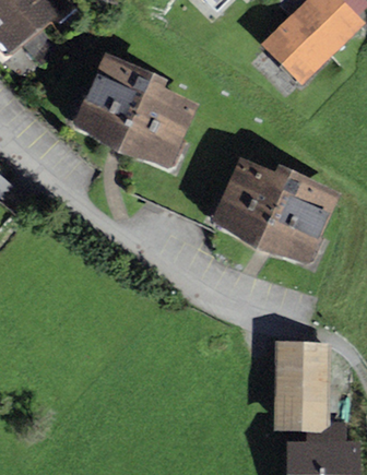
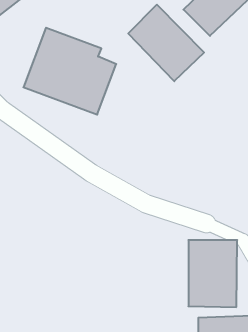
building: none -> [128,5,204,81]
building: [200,164,330,272] -> none

